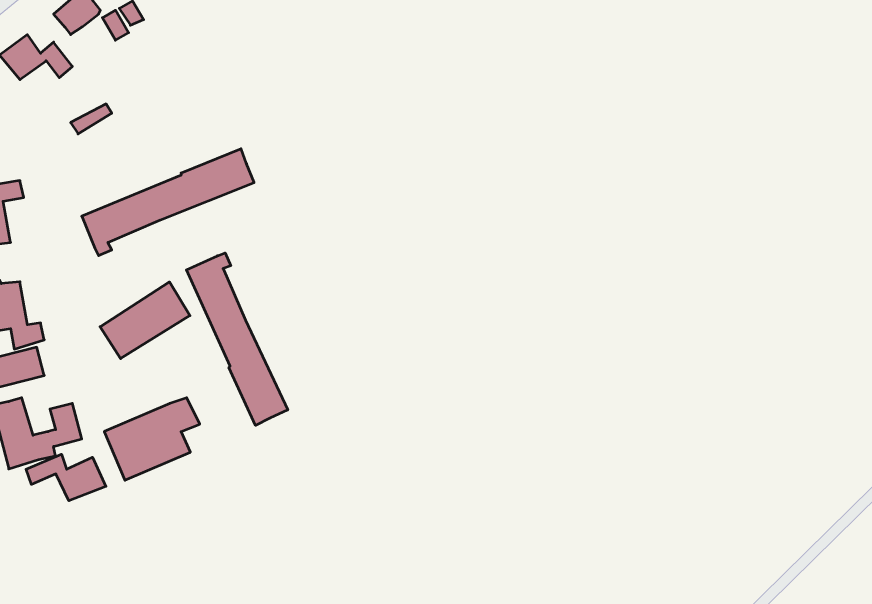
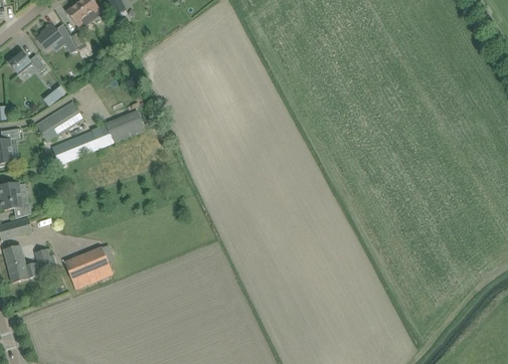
building: [186,253,288,425] -> none
building: [100,282,190,359] -> [35,101,83,142]
building: [26,454,106,501] -> none

